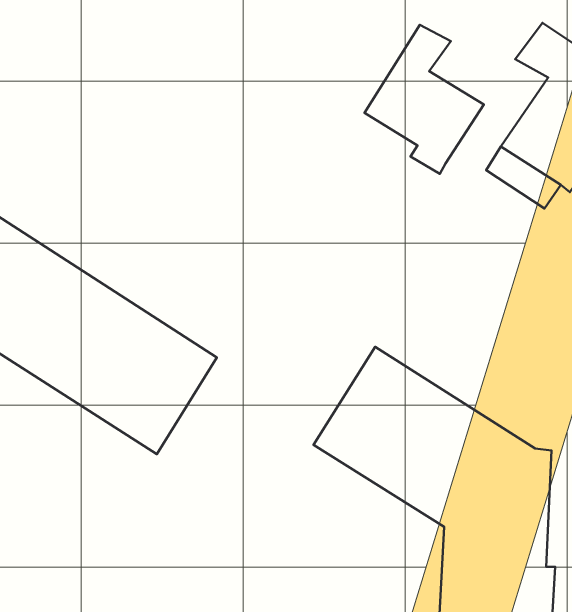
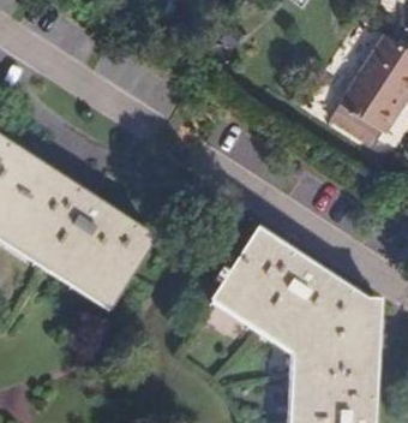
building: [364,25,484,174] -> none

